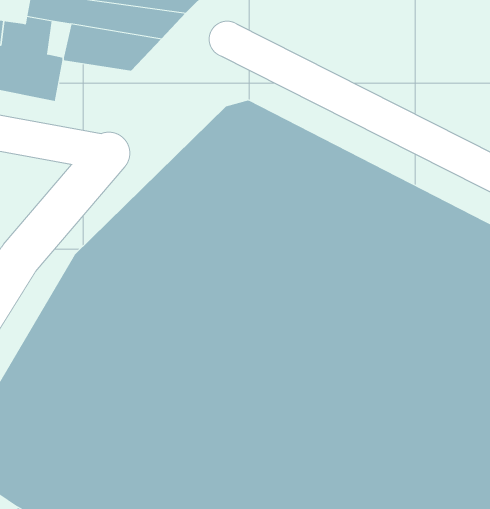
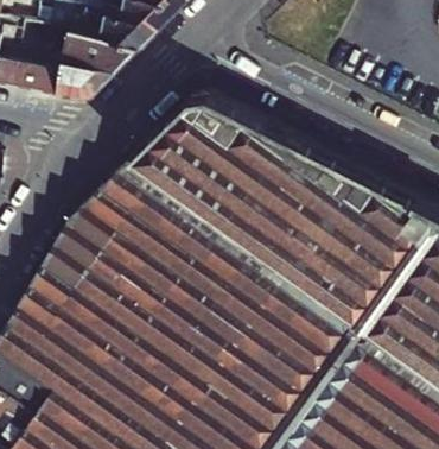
building: none -> [53,68,113,103]

